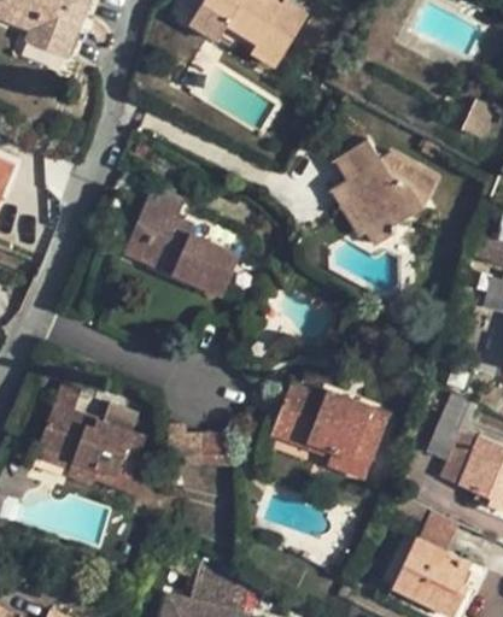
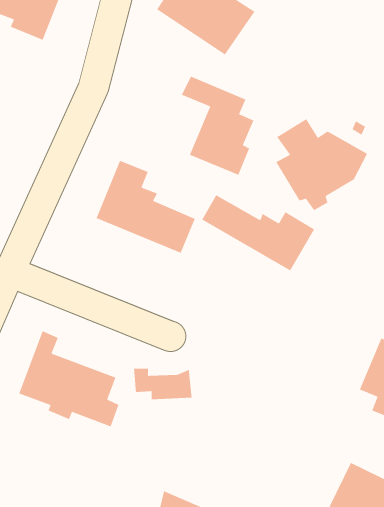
building: none -> [181,76,255,176]
building: none -> [201,194,315,271]
building: [270,383,390,481] -> none

